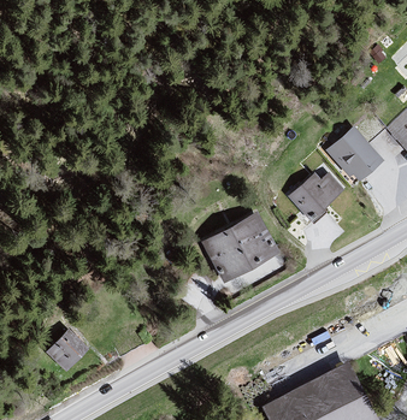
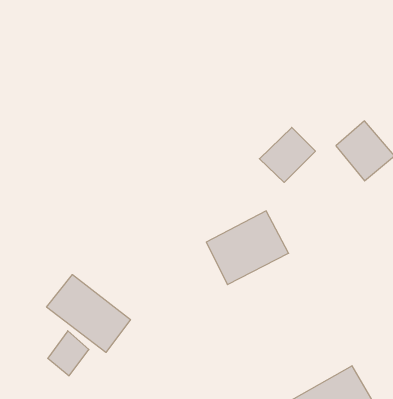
building: [289,167,343,220] -> [259,127,315,182]
building: none -> [47,275,130,352]

